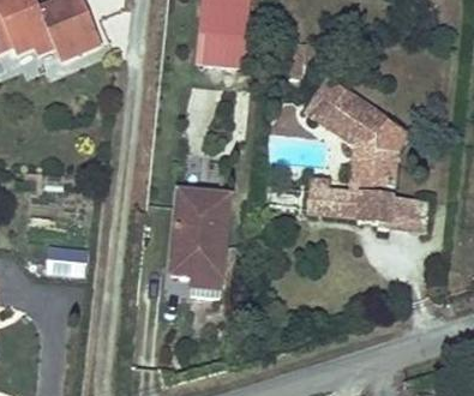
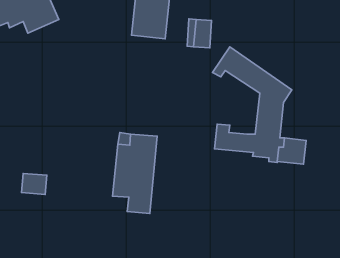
building: [314,108,366,192] -> none

